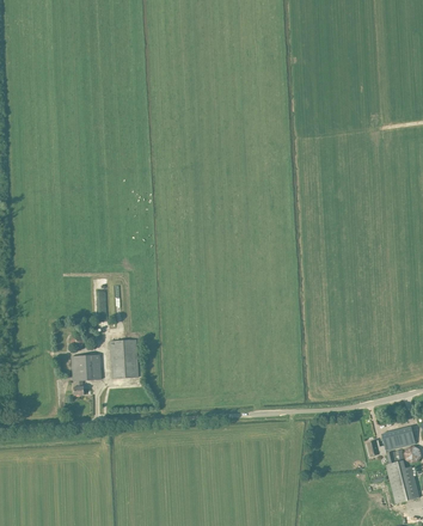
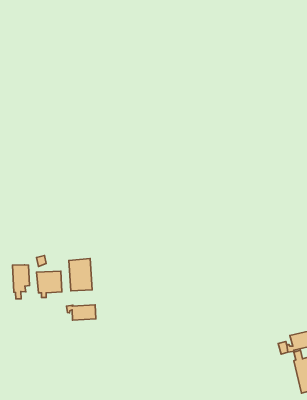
building: none -> [12,265,30,299]
building: none -> [66,305,96,320]

